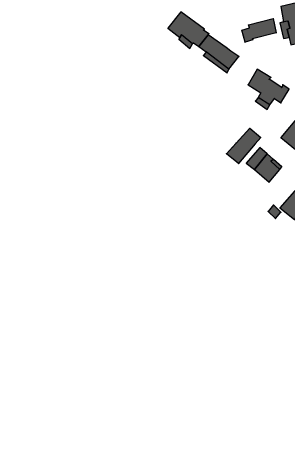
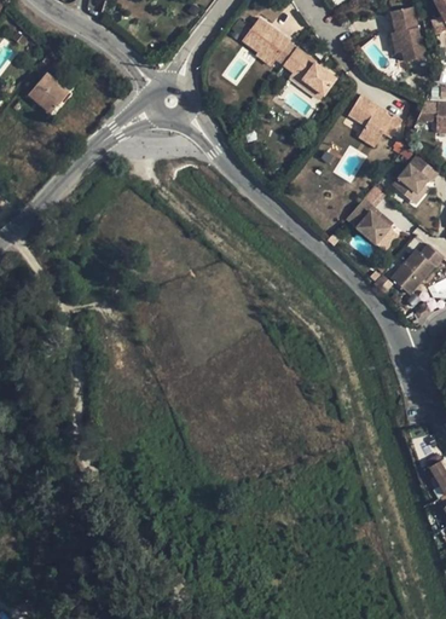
building: [242,19,276,42] -> none
building: none -> [29,71,69,114]
building: [226,128,261,164] -> none

